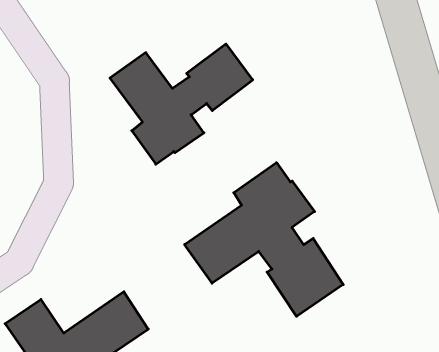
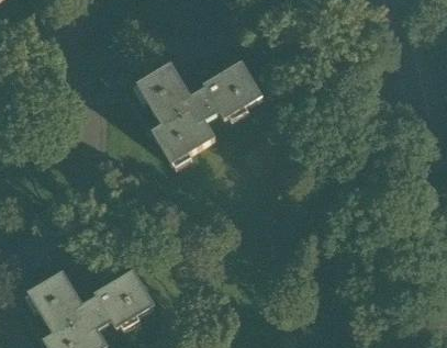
building: [185,163,343,316] -> none

